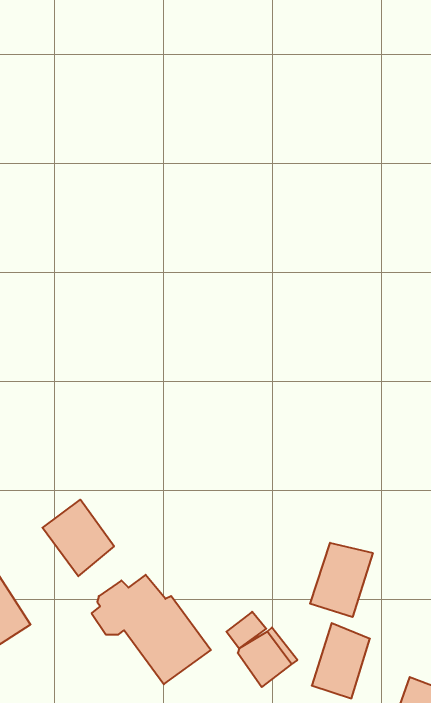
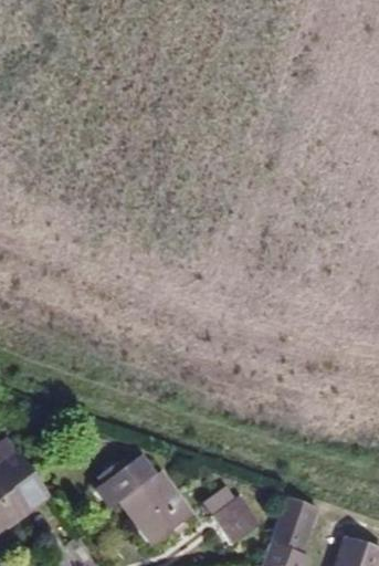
building: [42,500,114,576] -> none
building: [310,543,373,617] -> none

